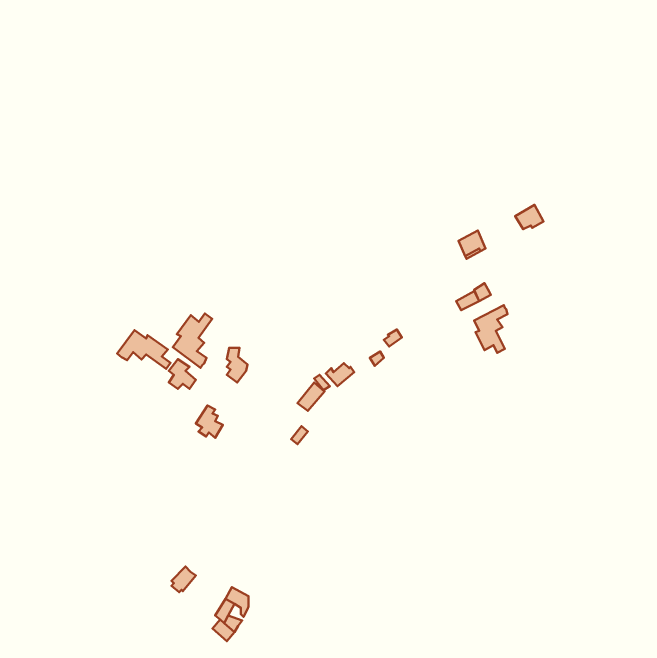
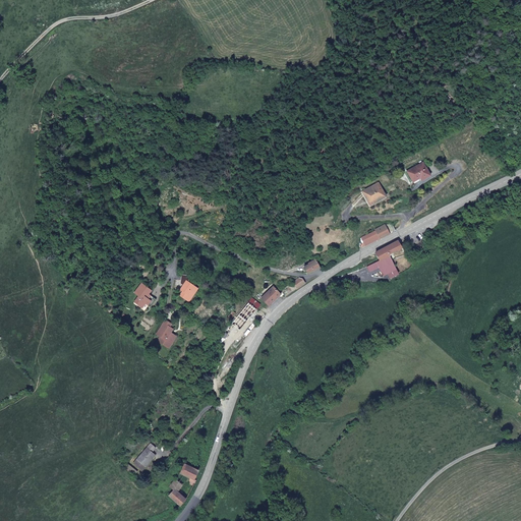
building: [173,314,212,368] -> none
building: [117,330,171,369] -> none

